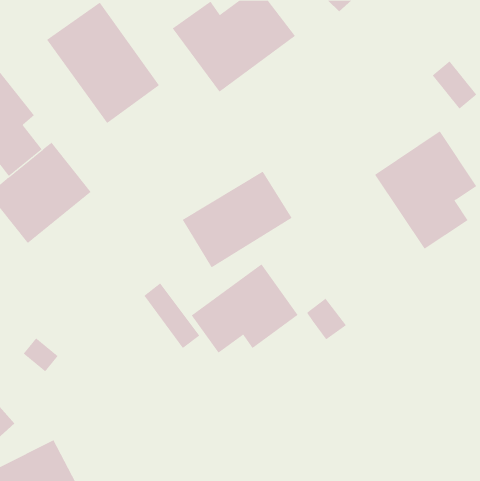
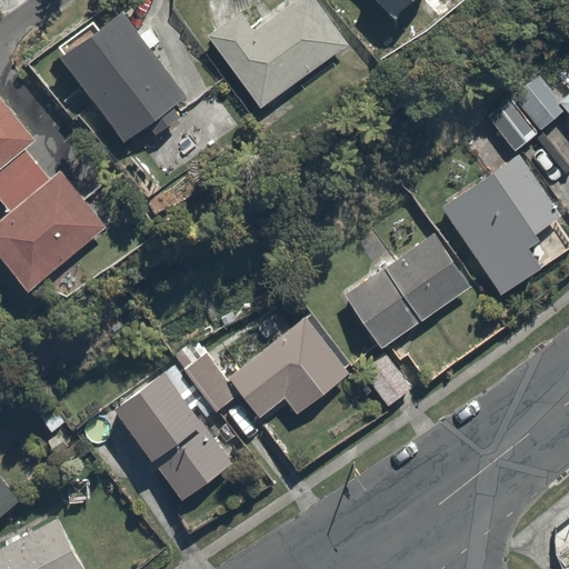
building: none -> [480,91,540,153]
building: [182,171,292,268] -> [342,233,472,348]
building: none -> [113,372,230,505]

